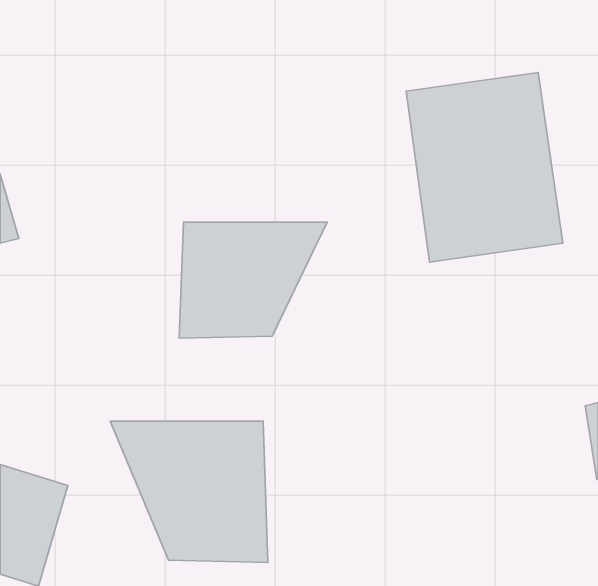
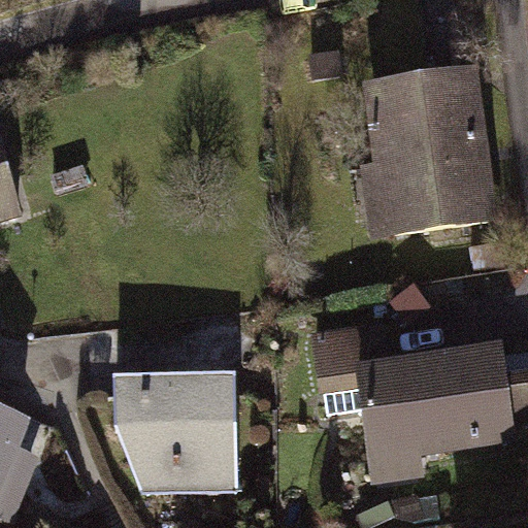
building: [179,222,327,338] -> none
building: none -> [307,319,522,471]

